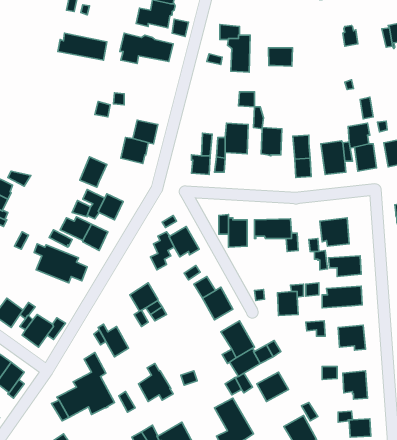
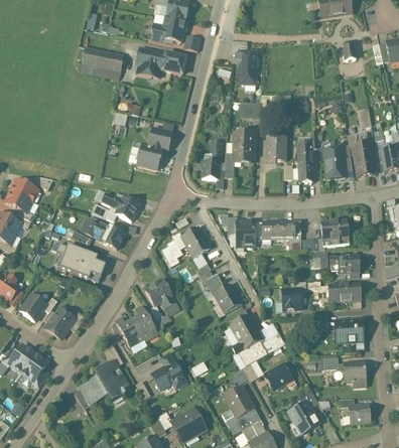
building: [269,48,292,66] -> none
building: [80,157,107,187] -> none
building: none -> [133,305,157,339]

